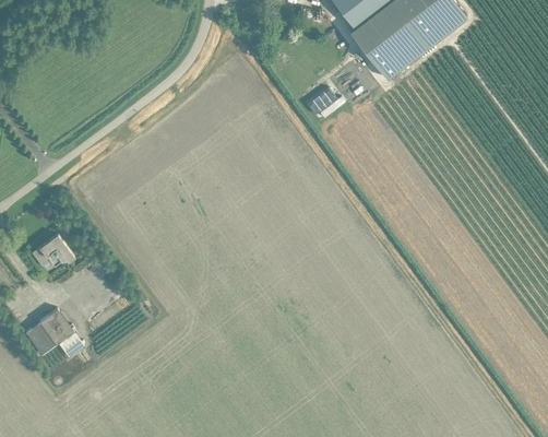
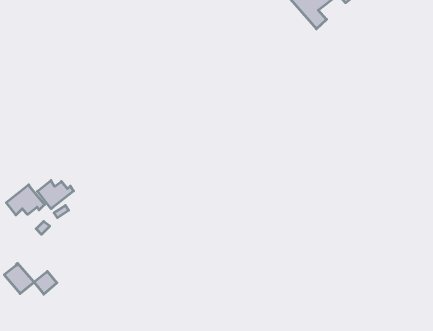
building: none -> [37,180,74,209]
building: [41,309,74,343] -> none

